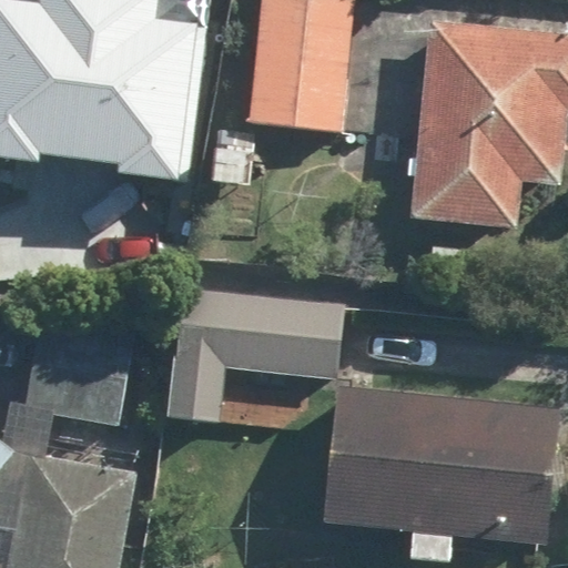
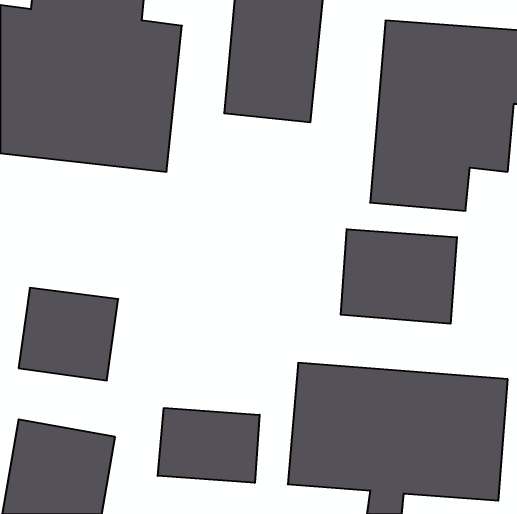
building: none -> [341,229,457,324]
building: [165,288,342,422] -> none
building: none -> [158,408,260,483]

